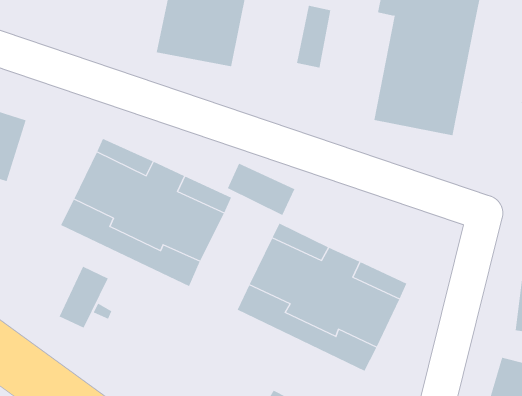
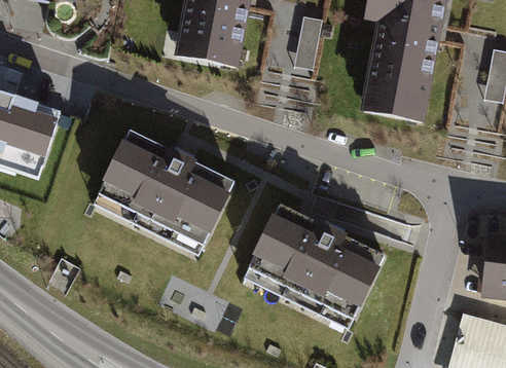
building: [227,163,295,216] -> none
building: [59,266,109,329] -> none

